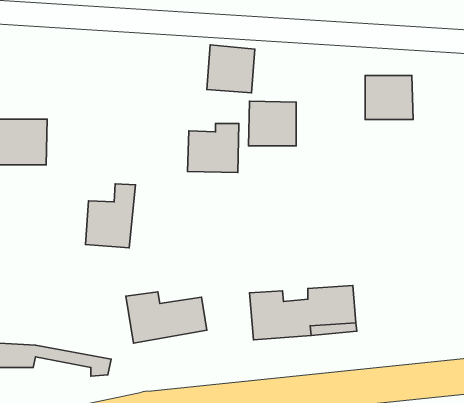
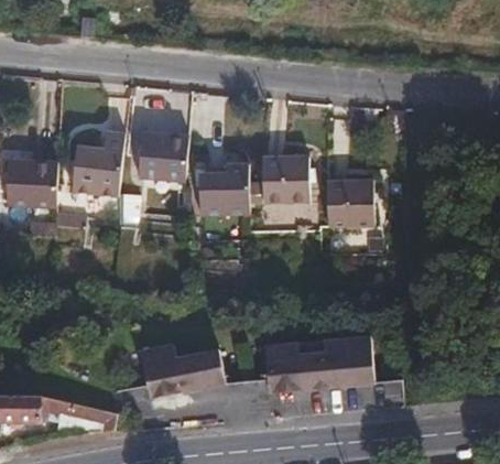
building: [207,45,255,93] -> [140,129,189,179]
building: [365,76,413,119] -> [326,173,376,218]
building: [85,184,135,248] -> [74,130,126,196]

